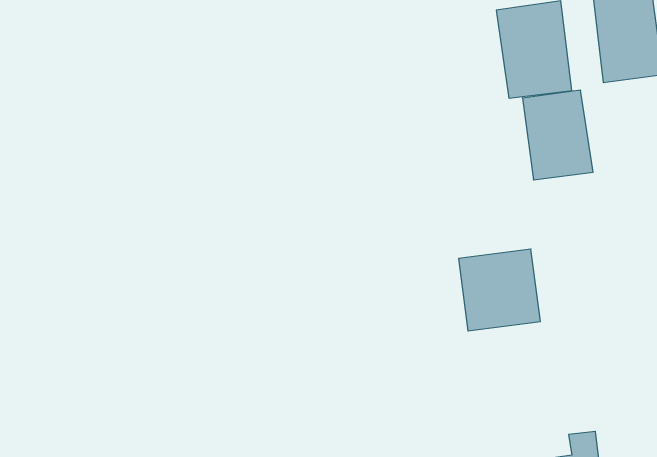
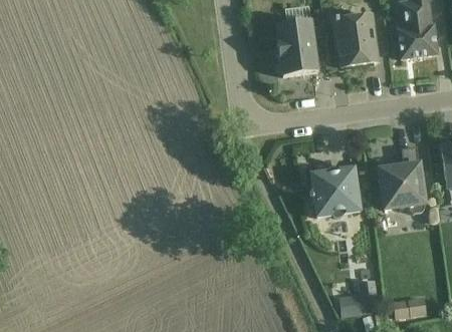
building: [522,90,593,180] -> [276,16,321,73]
building: none -> [373,158,426,211]

